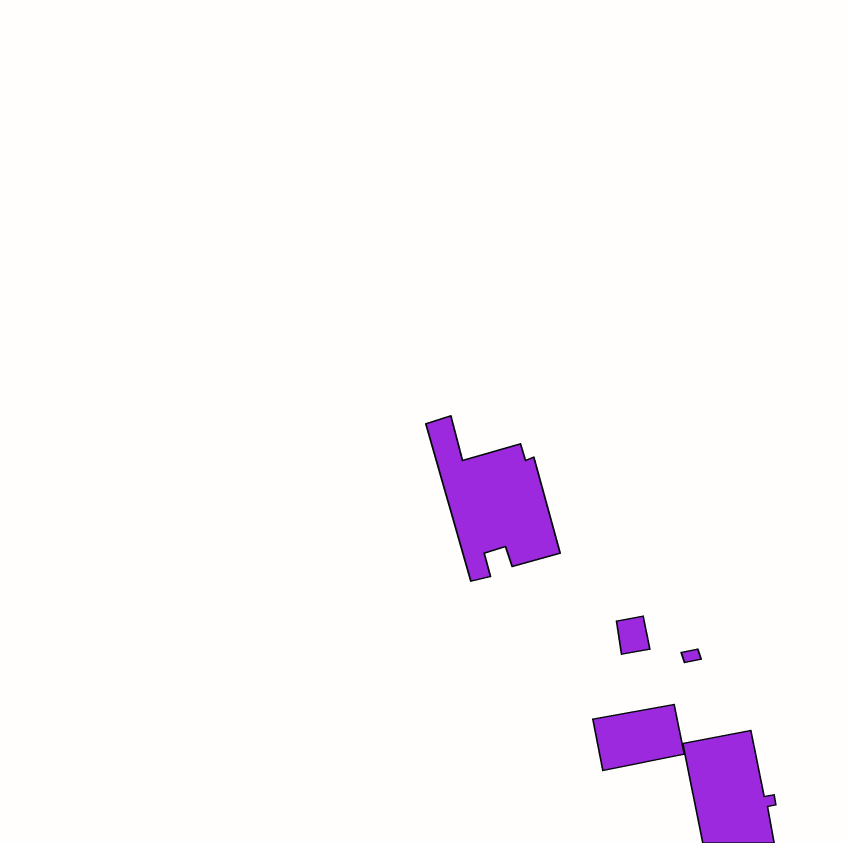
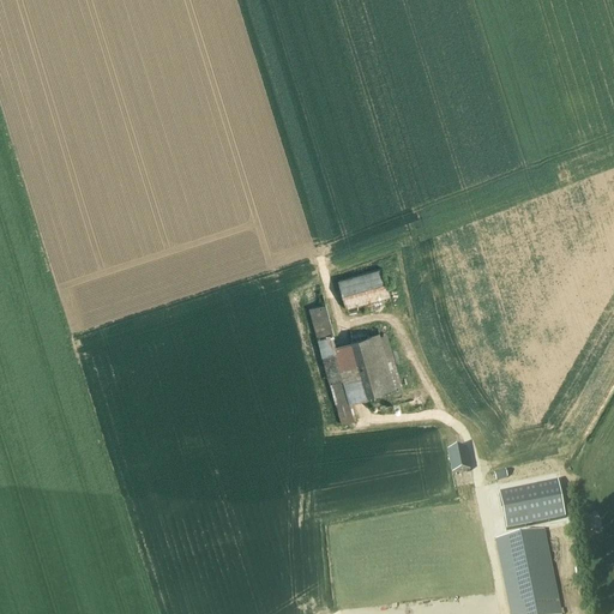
building: none -> [338,265,390,306]
building: [593,704,684,771] -> [499,481,565,529]

